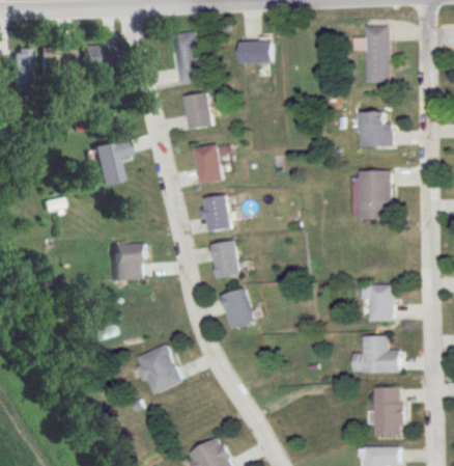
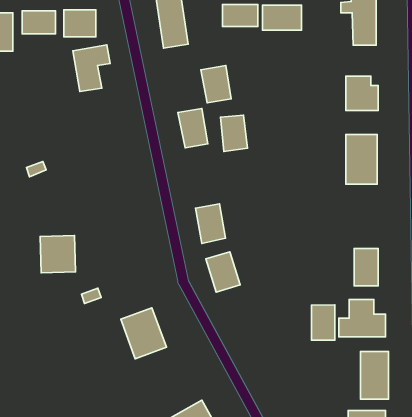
building: none -> [263,5,301,30]
building: [181,92,211,130] -> [201,66,231,103]
building: [88,138,125,185] -> [73,45,110,91]
building: [203,195,230,231] -> [221,115,248,151]
building: [109,244,144,281] -> [40,236,75,273]
building: none -> [311,305,335,340]

